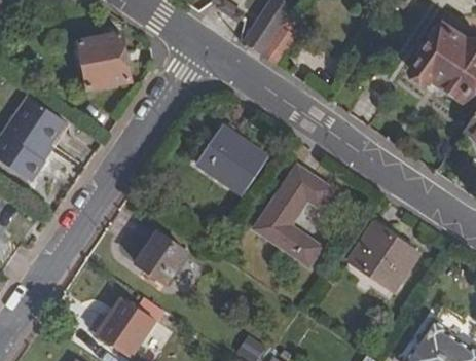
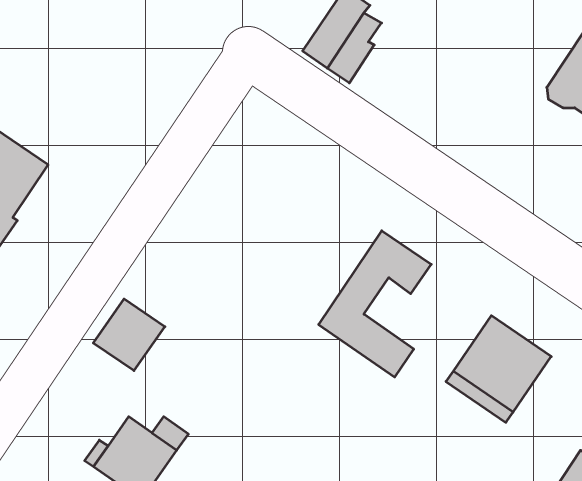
building: [76,33,131,88] -> none
building: [195,124,267,195] -> none
building: [134,232,184,283] -> [93,299,165,371]

